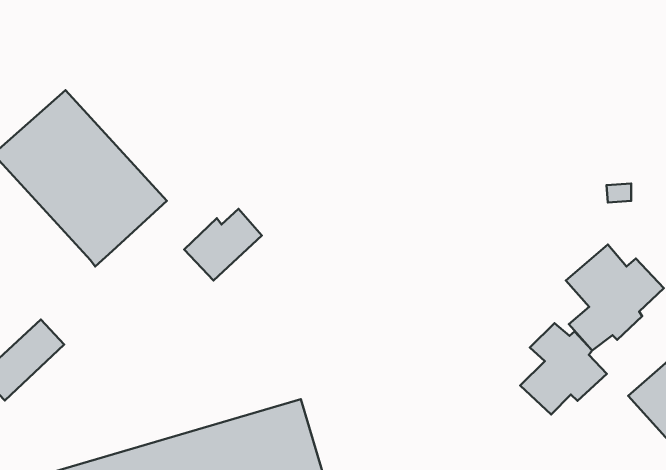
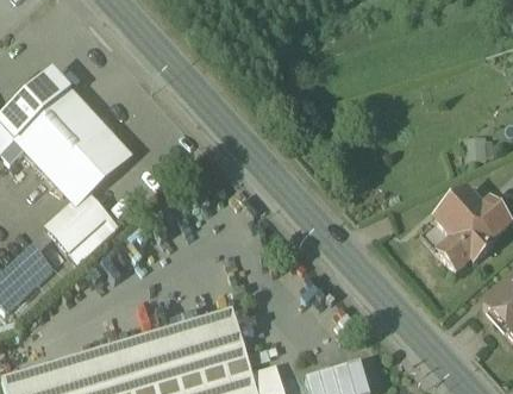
building: [184,209,262,281] -> [48,195,107,250]
building: [520,323,607,414] -> none

